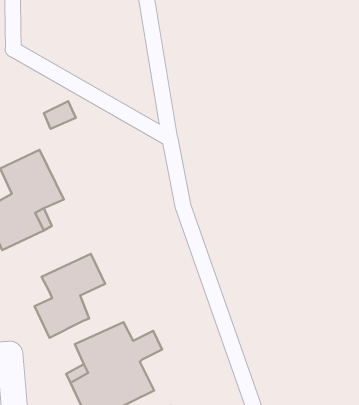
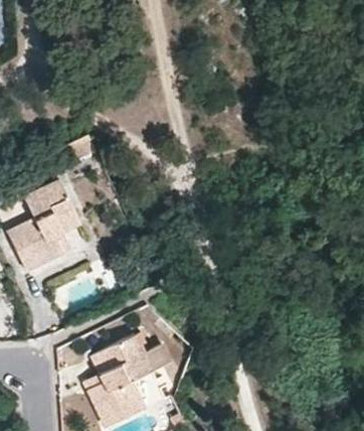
building: [34,254,105,338] -> none

